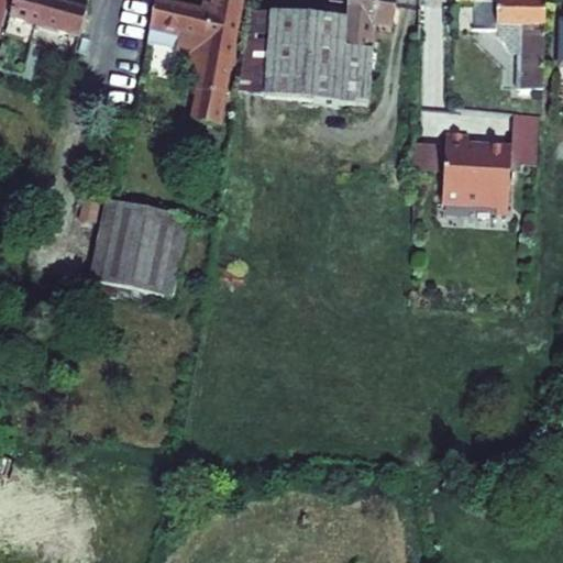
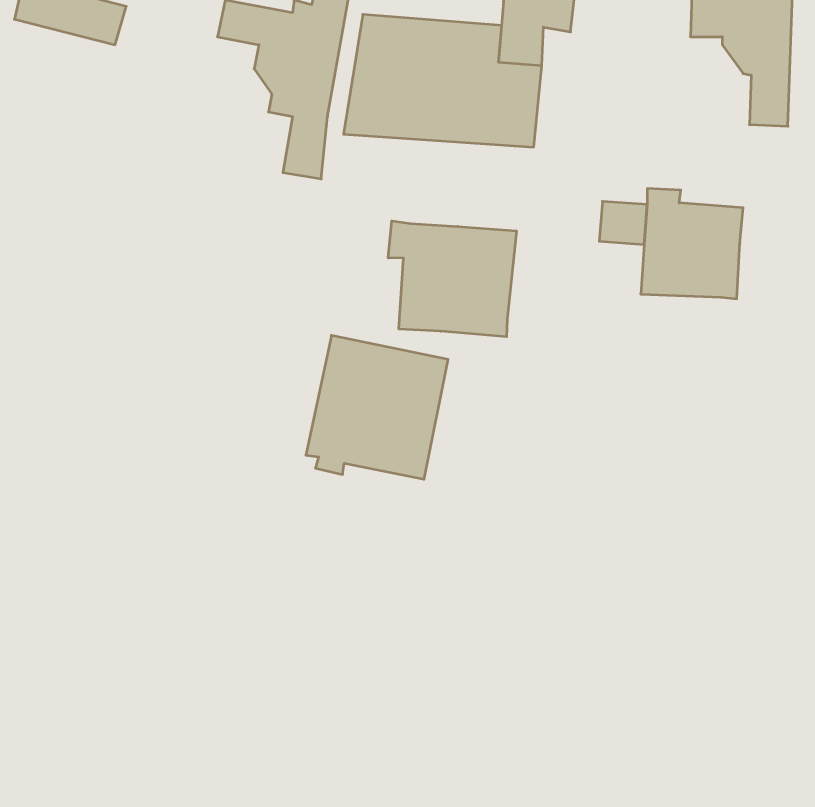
building: [509,110,540,168] -> none
building: none -> [388,221,516,337]
building: [90,197,188,296] -> [306,335,448,479]

